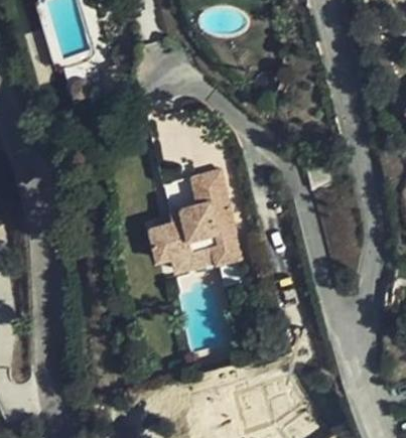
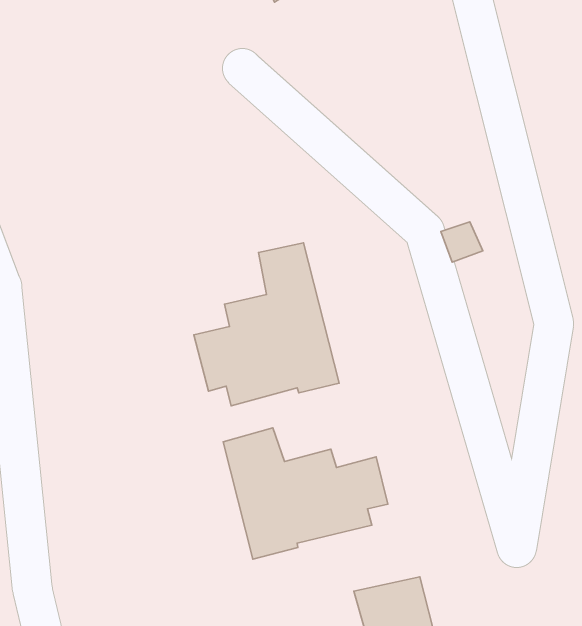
building: none -> [223,428,388,559]

